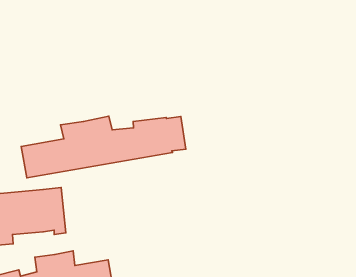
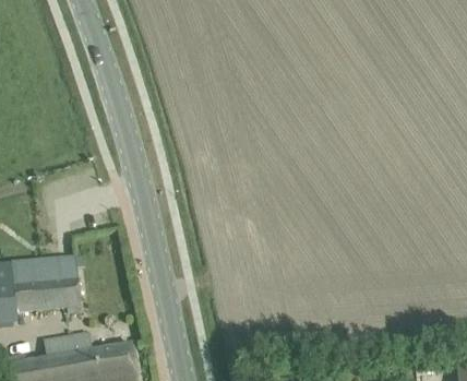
building: [21,116,186,178] -> none

